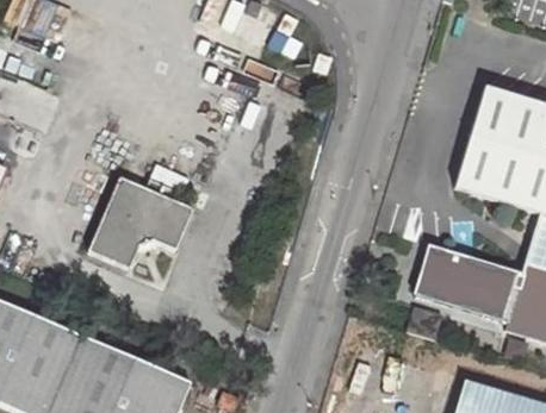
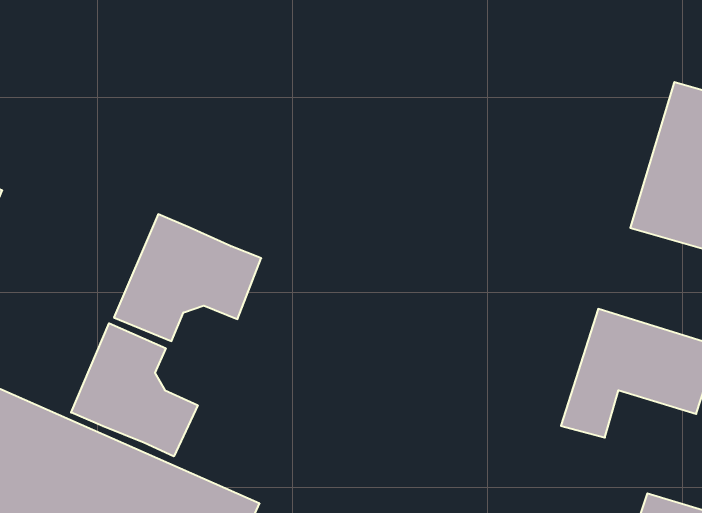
building: none -> [71,323,198,456]

